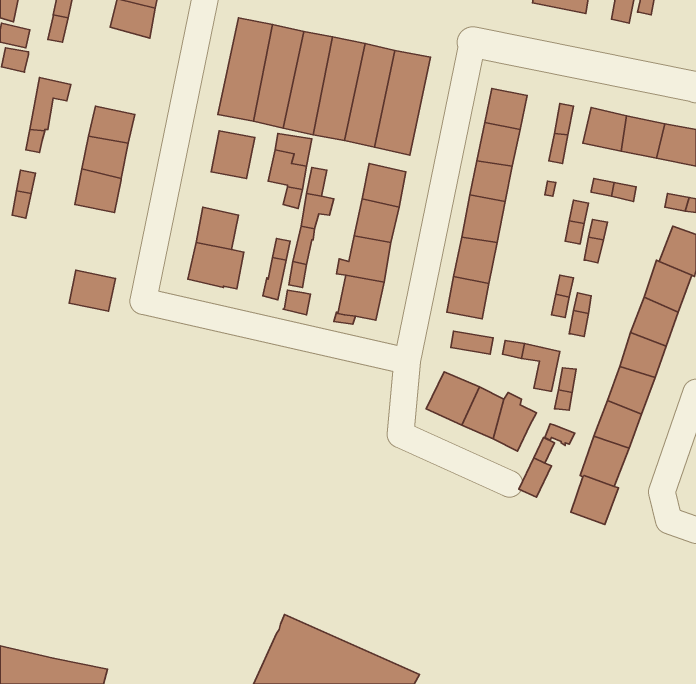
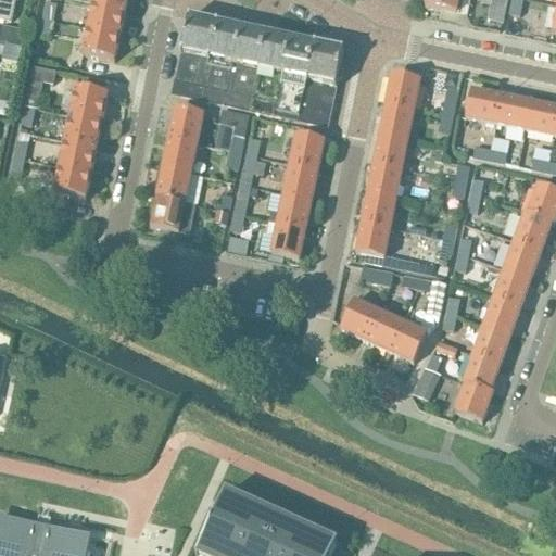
building: none -> [83,22,119,56]
building: none -> [162,137,197,172]
building: [69,270,115,311] -> [54,163,91,195]

